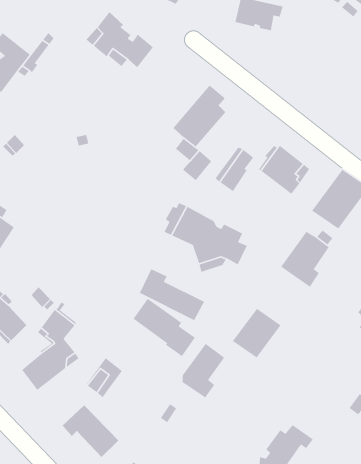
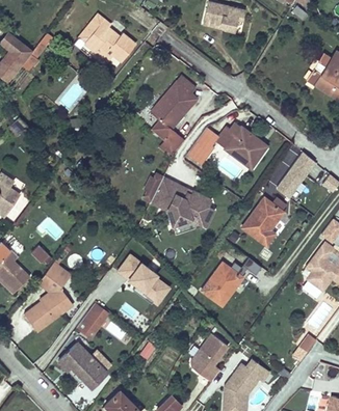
building: [139,268,205,321] -> none
building: [182,343,225,399] -> [191,334,228,381]

